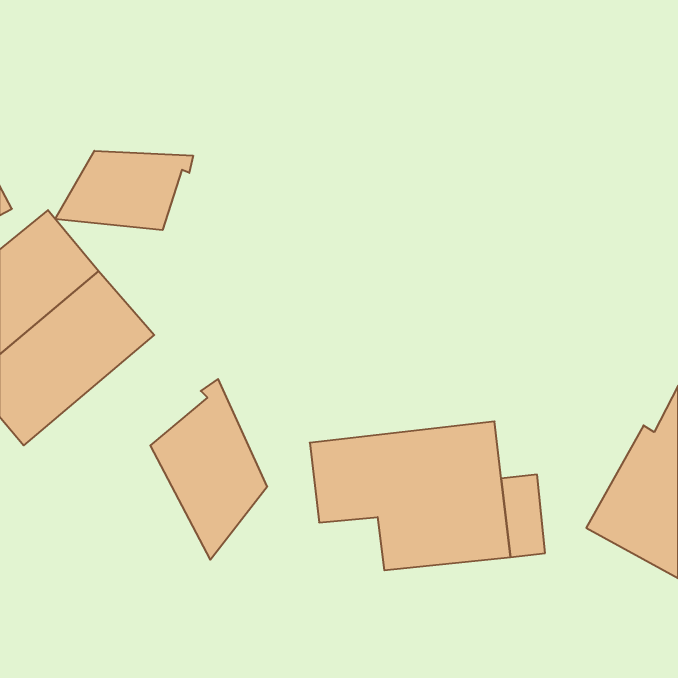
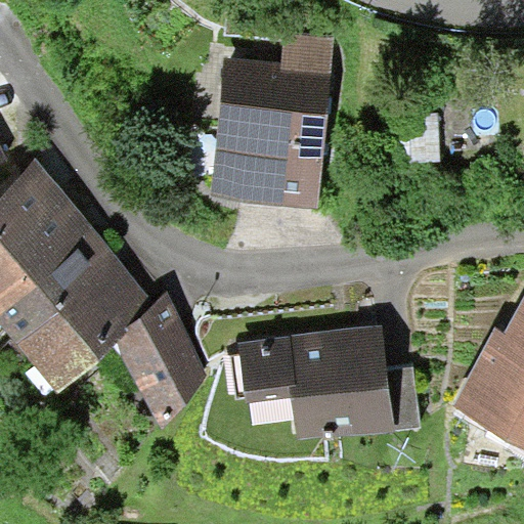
building: none -> [211,34,334,208]
building: [55,151,193,230] -> none
building: none -> [18,259,160,392]

